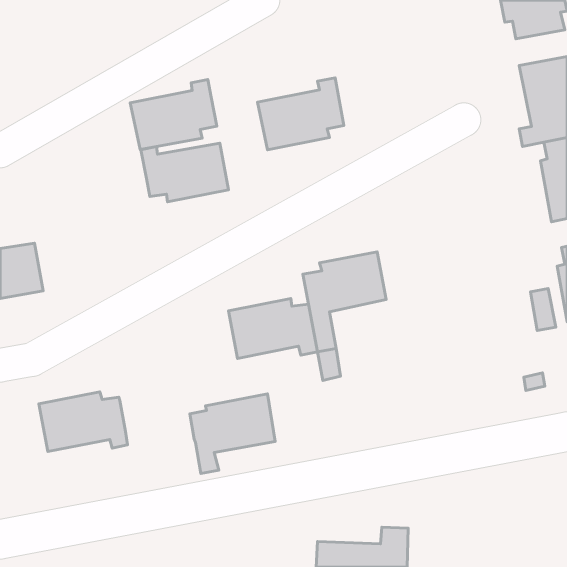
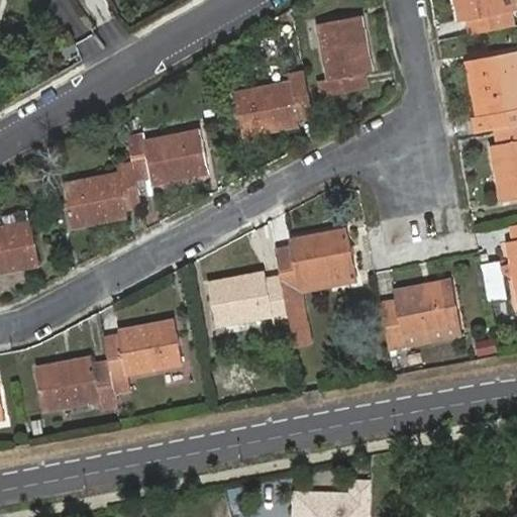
building: none -> [318,16,372,97]
building: [130,79,217,149] -> [63,163,141,226]
building: none -> [380,281,455,350]
building: [190,394,275,474] -> [104,320,182,393]

